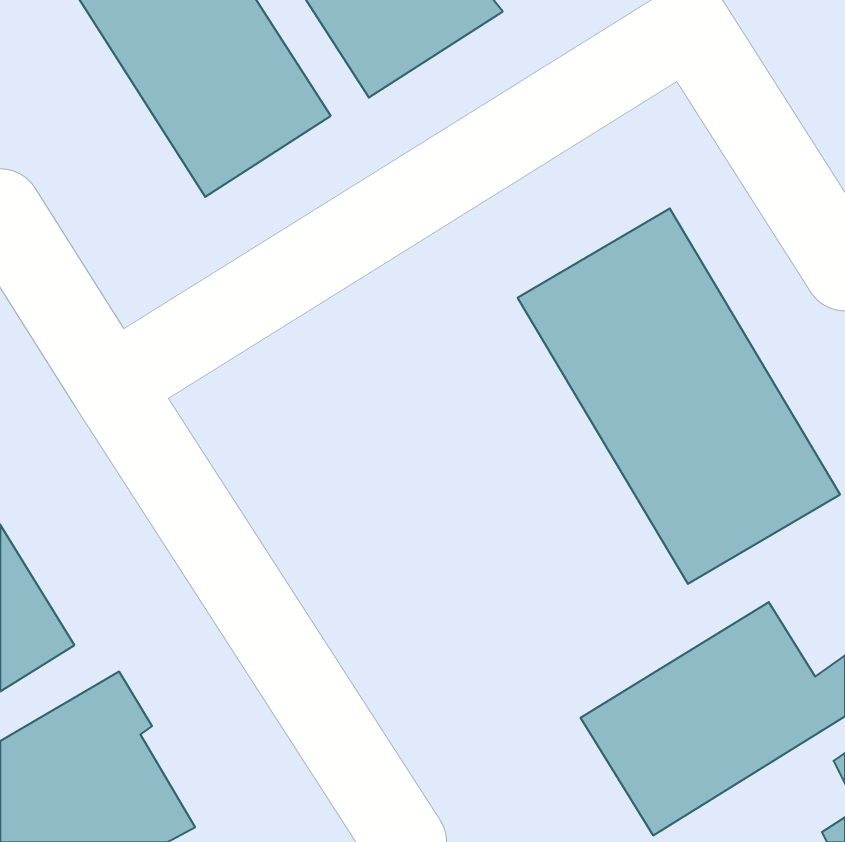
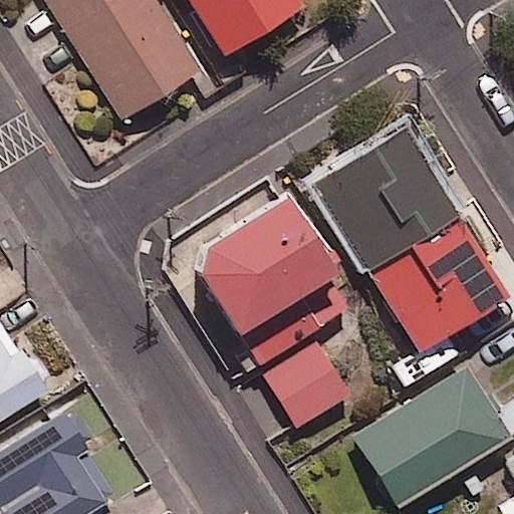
building: none -> [193,201,355,427]

